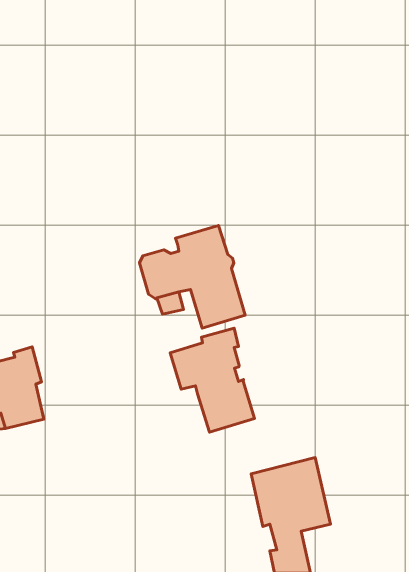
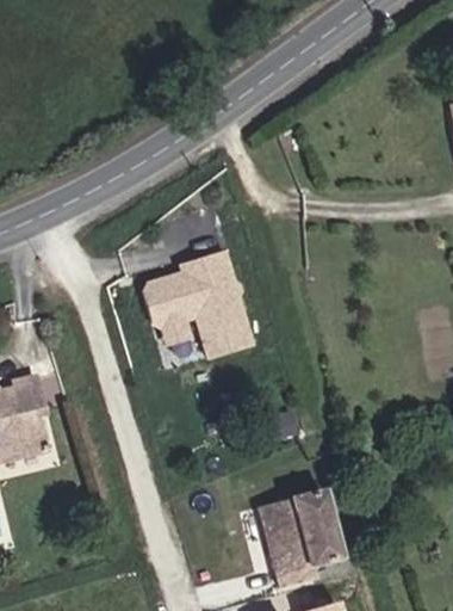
building: [170,328,255,432] -> none

